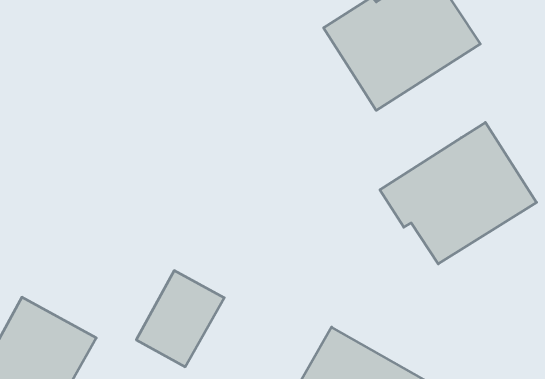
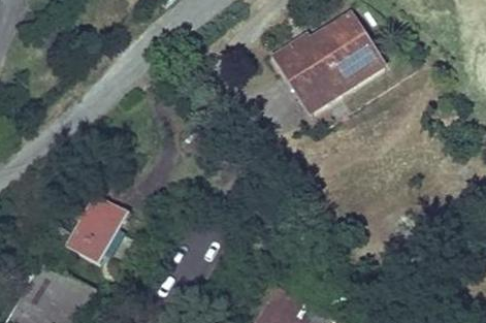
building: [380,122,537,264] -> none
building: [136,271,224,367] -> [62,191,129,264]

